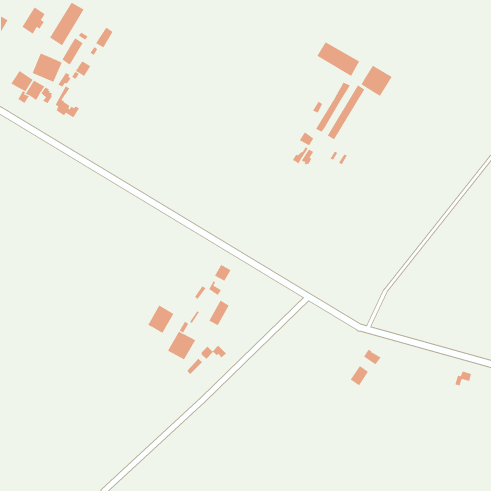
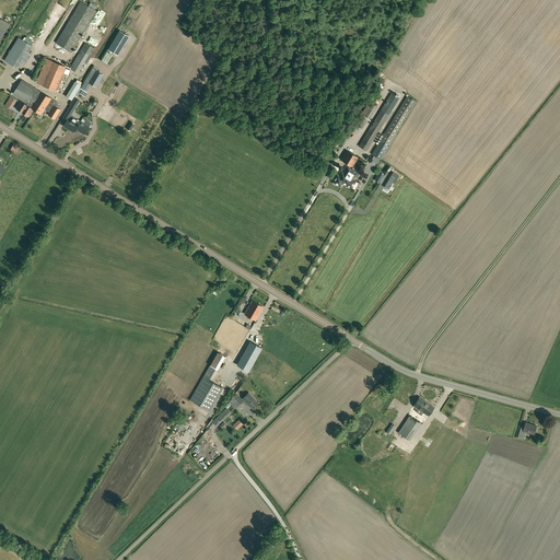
building: [22,7,46,34] -> [4,37,32,69]
building: [316,41,360,77] -> none
building: [361,65,393,97] -> none
building: [147,305,174,334] -> none

